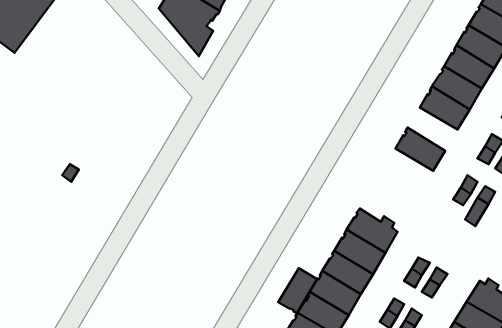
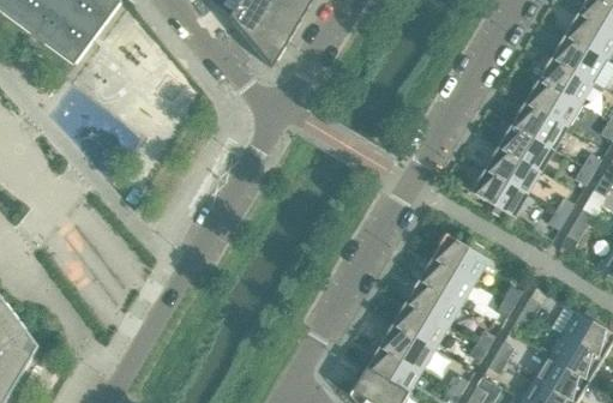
building: none -> [498,124,552,170]
building: none -> [470,168,525,217]
building: [278,268,317,313] -> none

